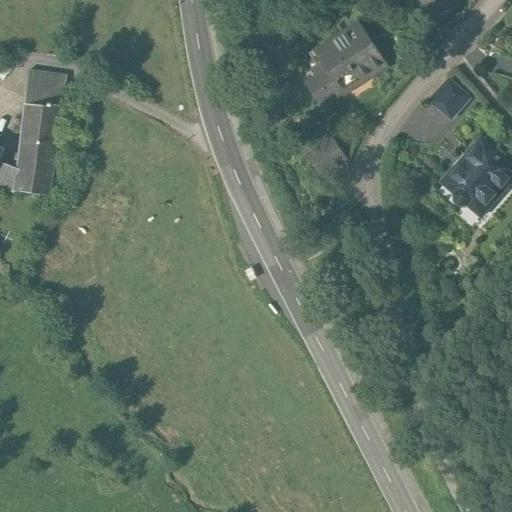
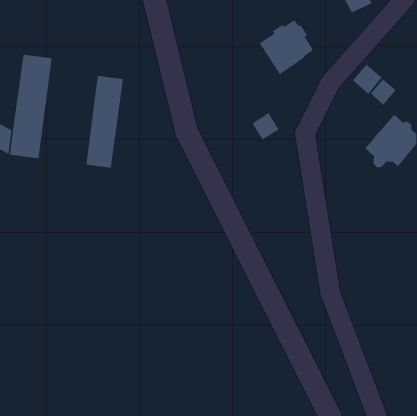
building: [306,60,340,103] -> none
building: none -> [86,75,124,168]
building: none -> [370,78,397,106]

